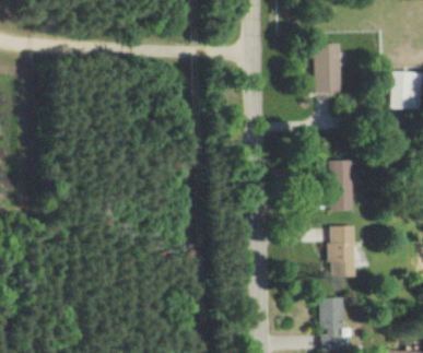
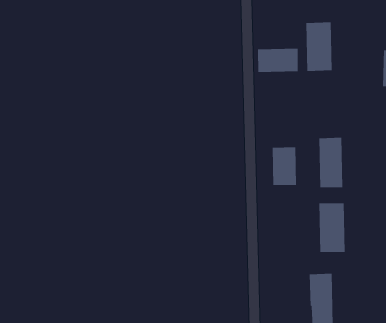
building: none -> [258,48,298,73]
building: none -> [272,146,297,186]

